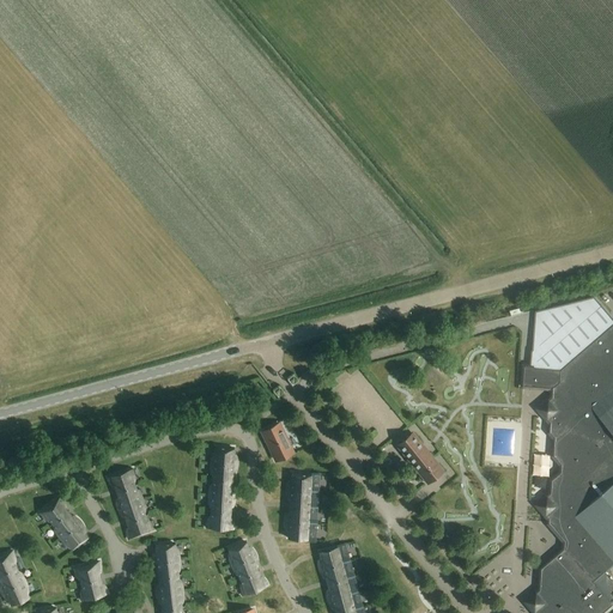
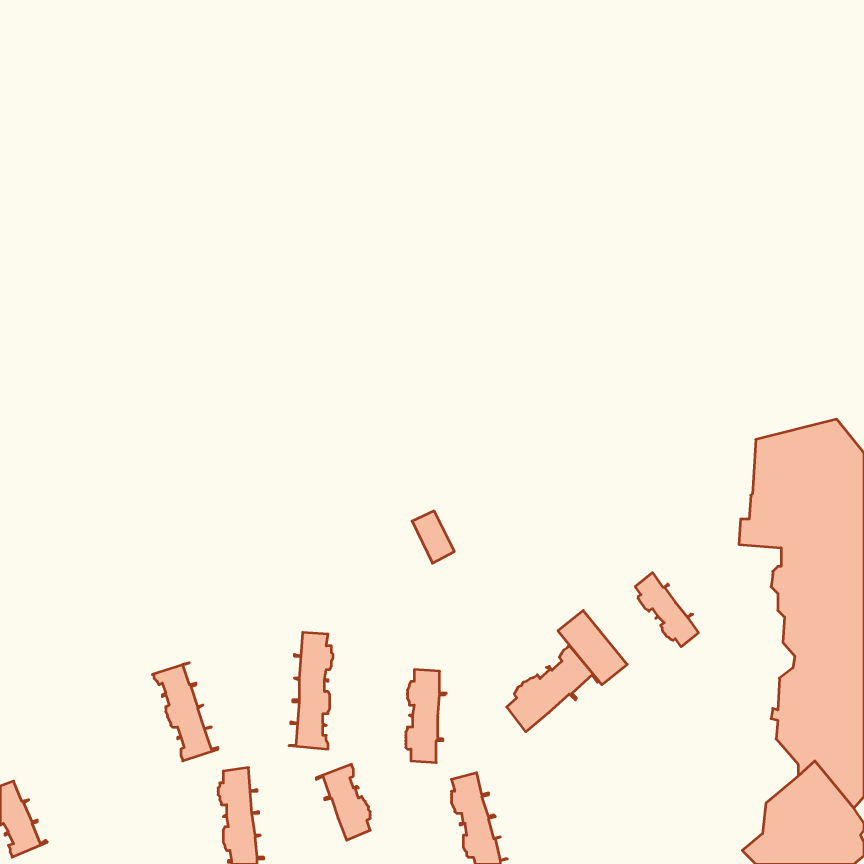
building: none -> [635,573,698,647]
building: [262,424,292,461] -> [412,511,454,563]
building: none -> [507,645,599,732]
building: [38,498,86,550] -> none
building: [72,562,107,601] -> none

